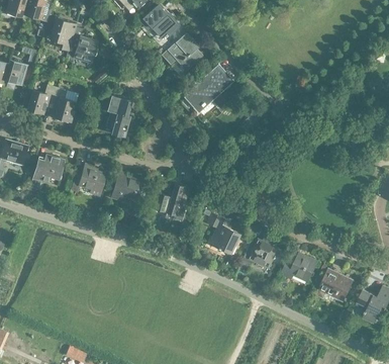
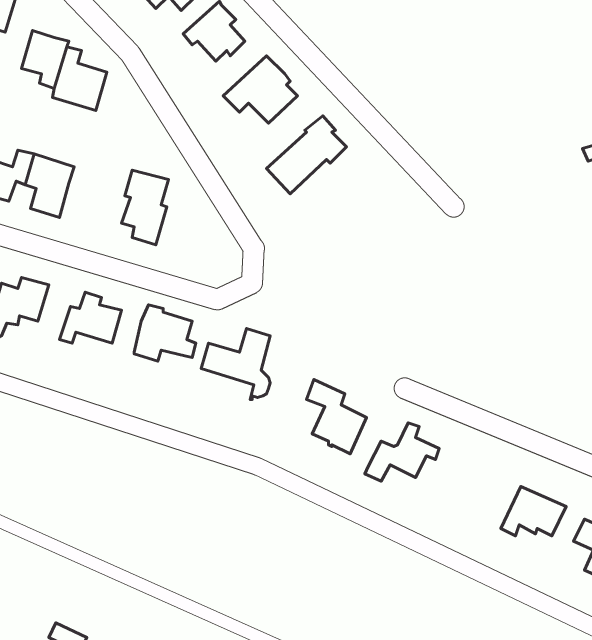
building: [281,254,317,280] -> none

